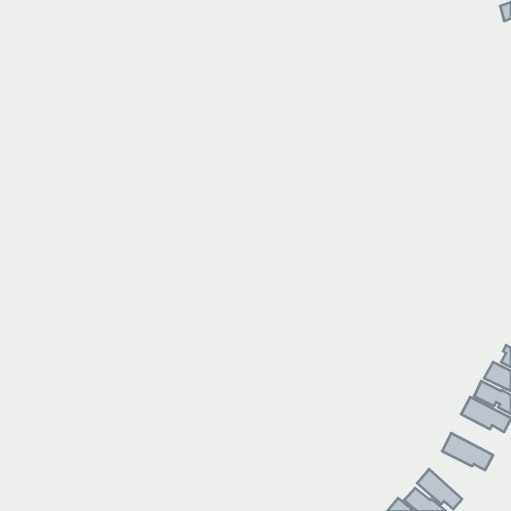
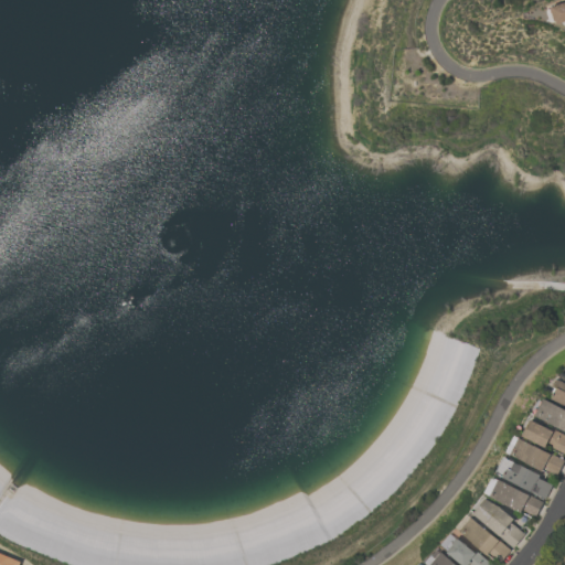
building: none -> [495,457,552,500]
building: none -> [472,498,524,547]

